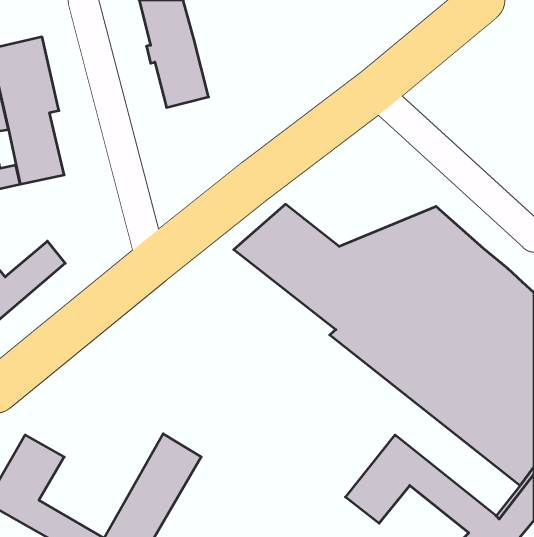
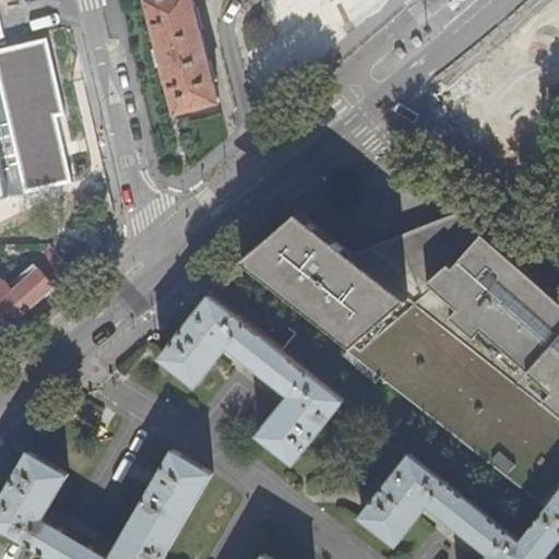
building: none -> [157,295,342,464]

